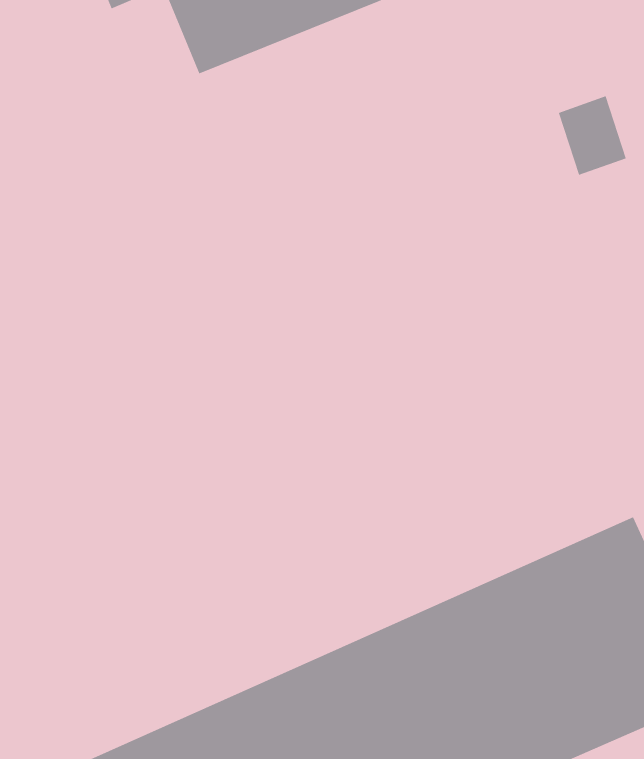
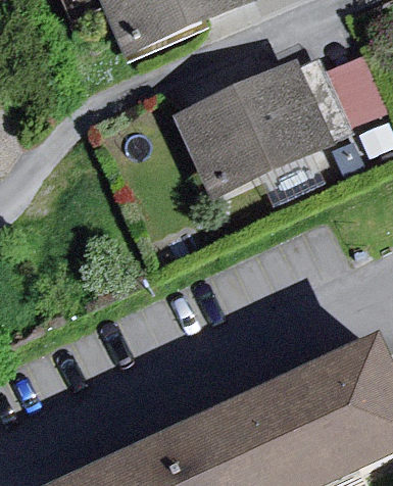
building: none -> [174,66,344,210]

